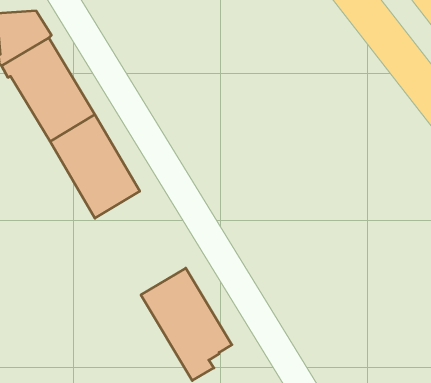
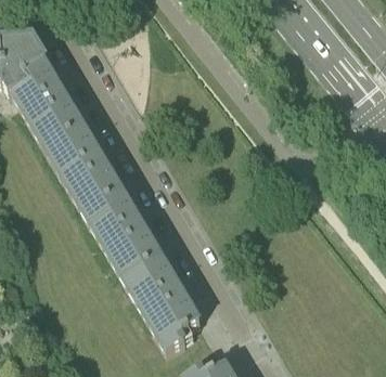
building: none -> [85,192,162,280]

